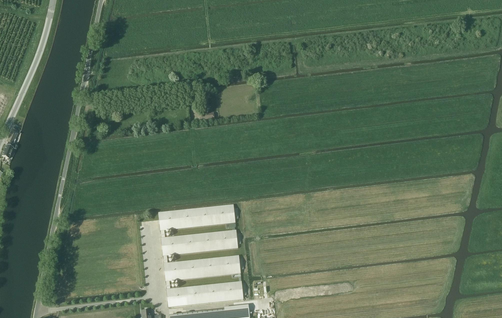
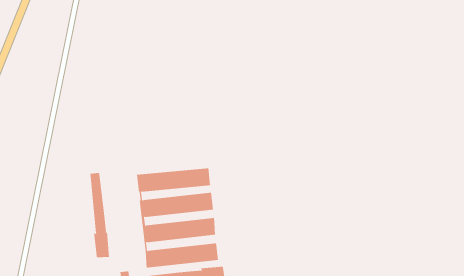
building: none -> [90,172,109,258]

